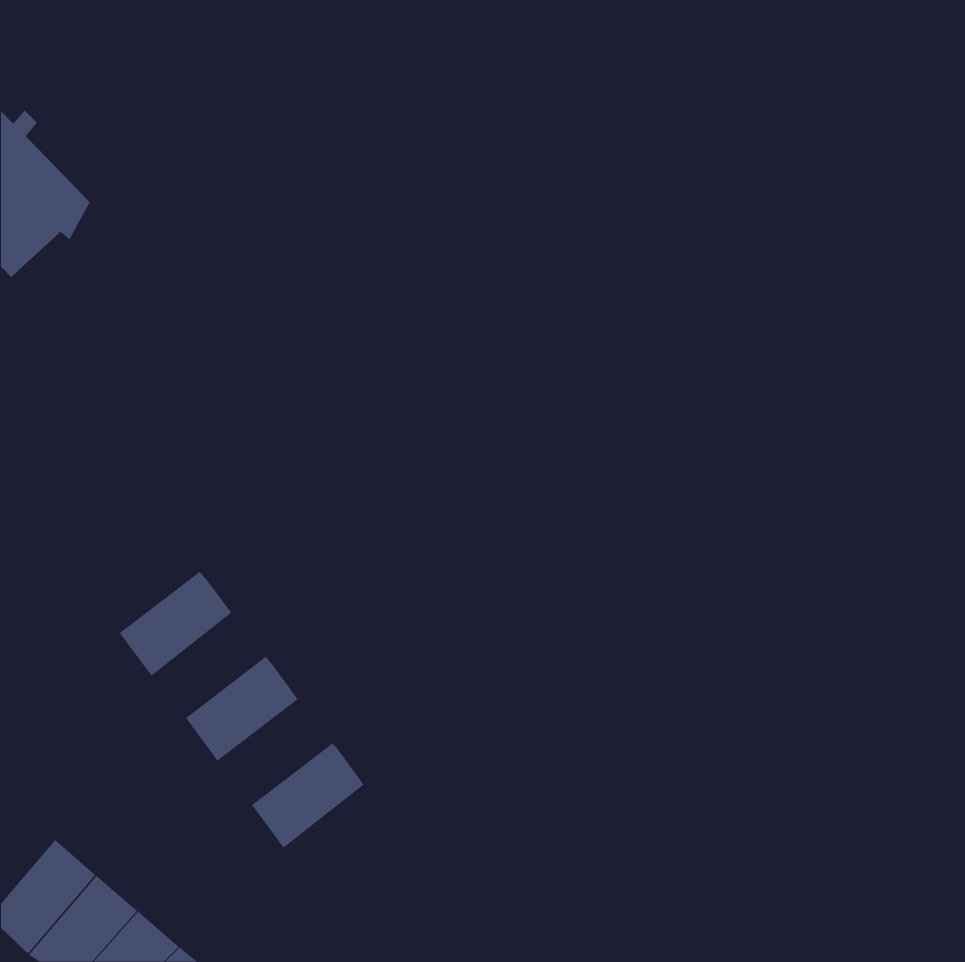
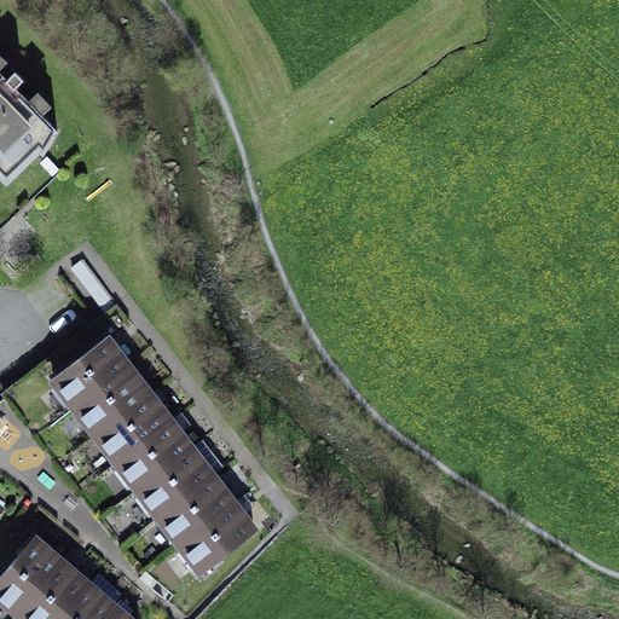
building: none -> [54,337,128,405]
building: none -> [97,392,170,459]
building: none -> [139,447,213,515]
building: none -> [181,502,255,569]

